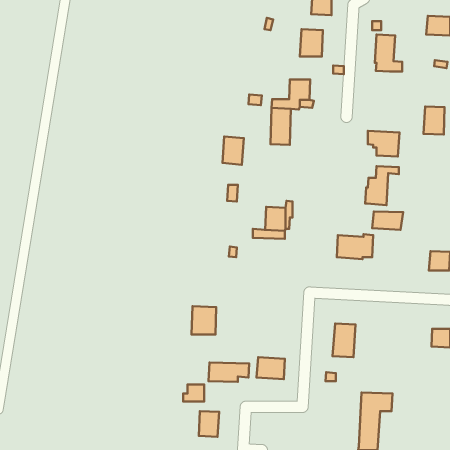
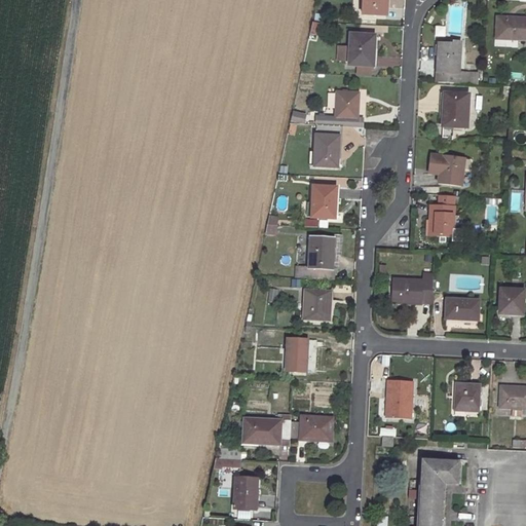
building: [423,106,445,135] -> [442,96,466,128]
building: [222,136,244,165] -> [311,185,336,218]
building: [372,211,403,230] -> [445,298,481,320]
building: none -> [302,288,330,318]
building: [192,306,216,335] -> [284,338,312,371]
building: none -> [455,381,481,409]

